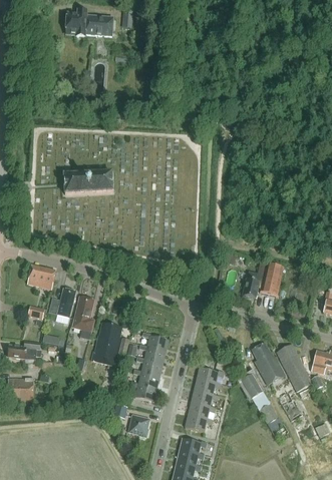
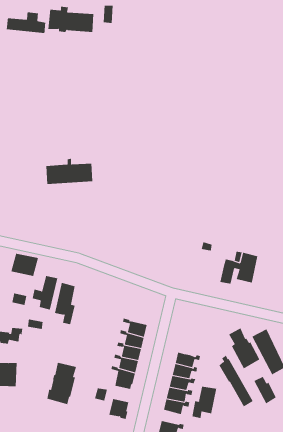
building: none -> [6,11,46,34]
building: [91,322,122,366] -> [47,362,77,405]
building: none -> [192,386,217,419]

